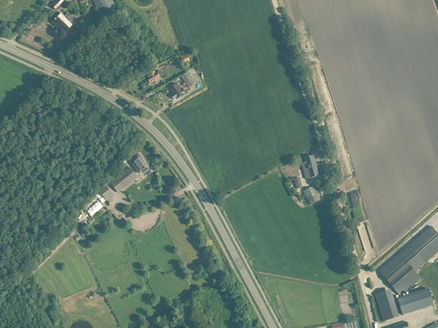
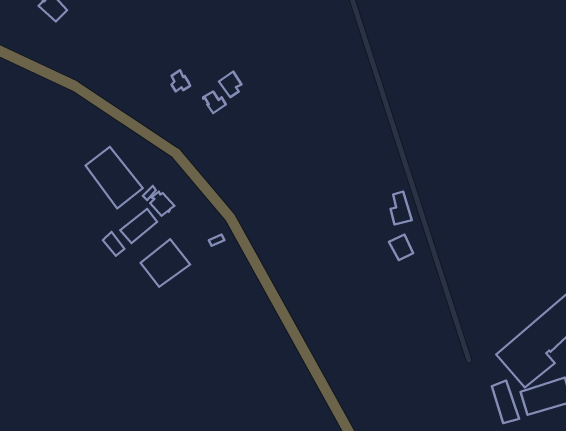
building: none -> [85,147,143,208]
building: none -> [140,239,190,287]

